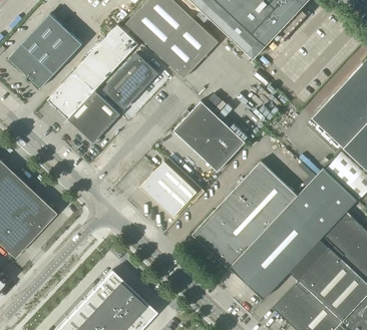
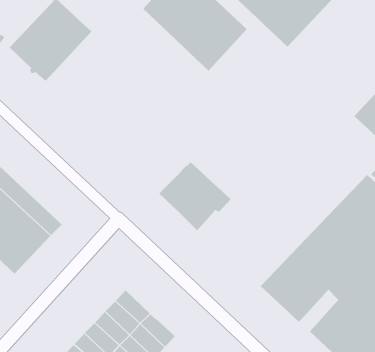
building: [48,25,138,142] -> none
building: [102,53,159,110] -> none
building: [173,101,246,173] -> none
building: [193,161,298,269] -> none

